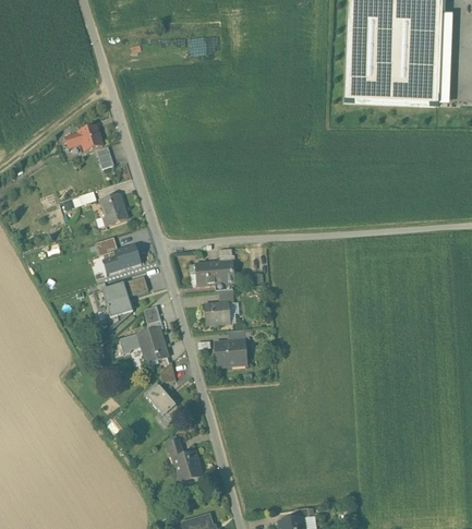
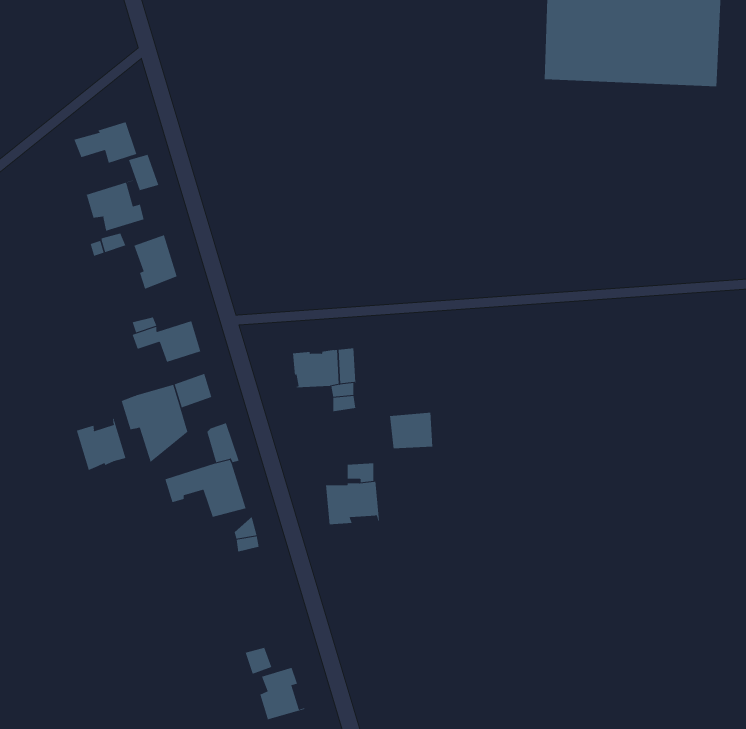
building: none -> [85,180,144,232]
building: [204,302,230,324] -> [389,412,433,449]
building: none -> [76,418,126,471]
building: [144,383,181,422] -> none

